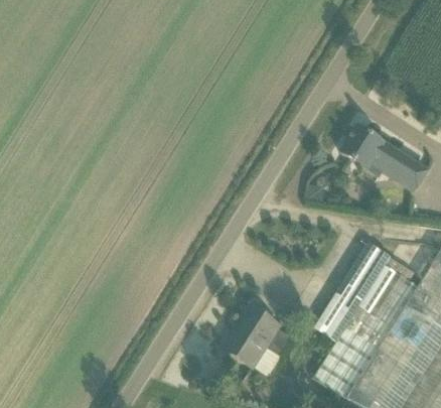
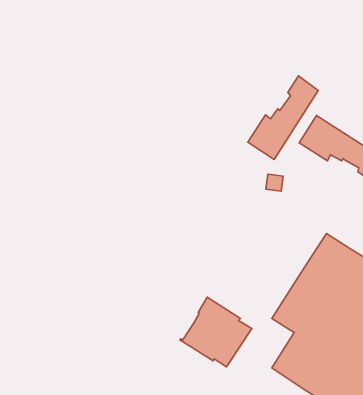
building: none -> [248,76,318,159]

